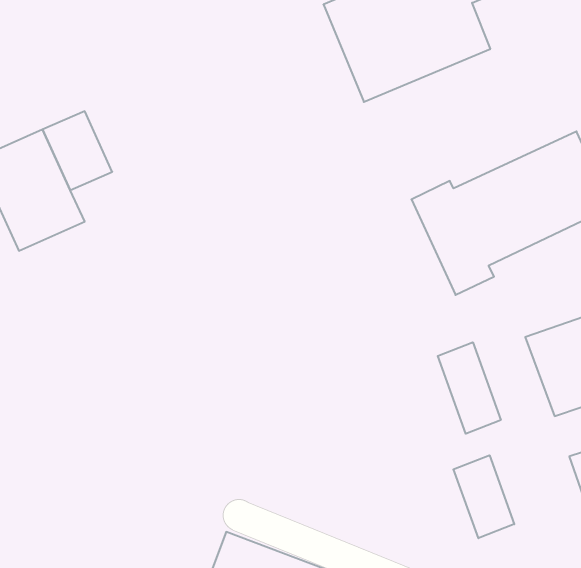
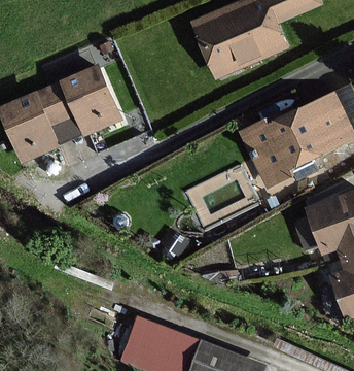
building: none -> [59,65,119,134]
building: [438,342,501,434] -> none
building: [453,455,514,538] -> none

